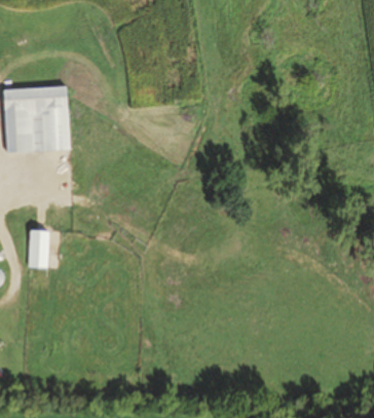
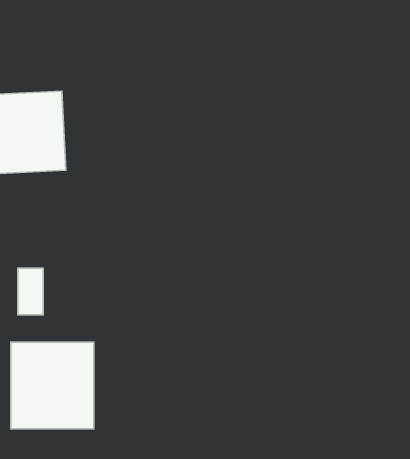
building: none -> [11,342,94,429]

